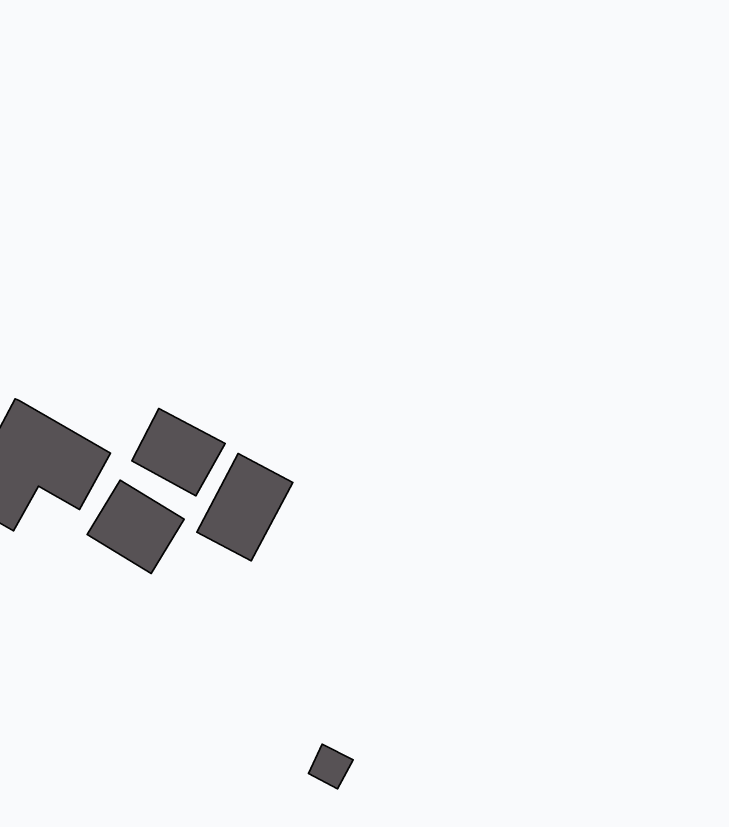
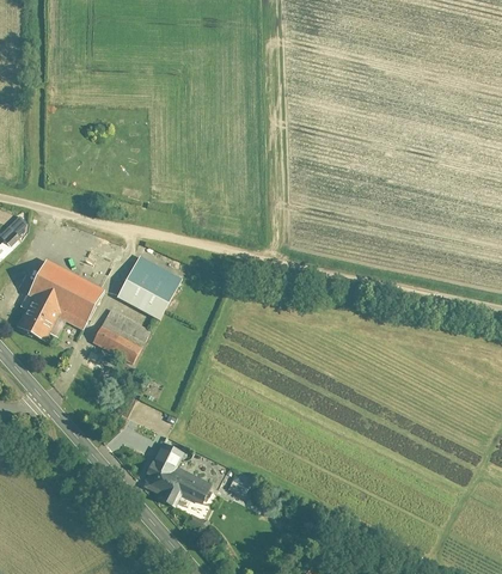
building: [197,454,293,561] -> none
building: none -> [135,439,213,507]

